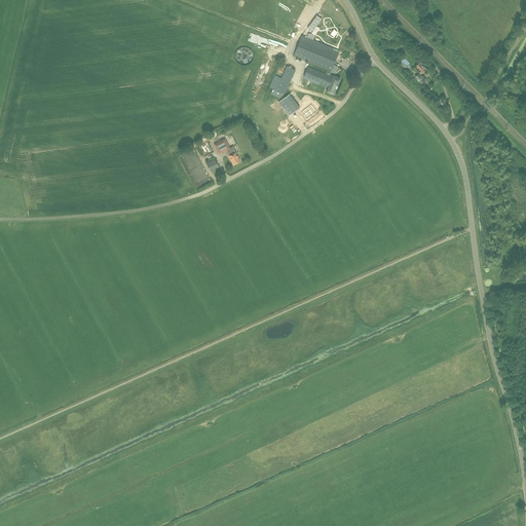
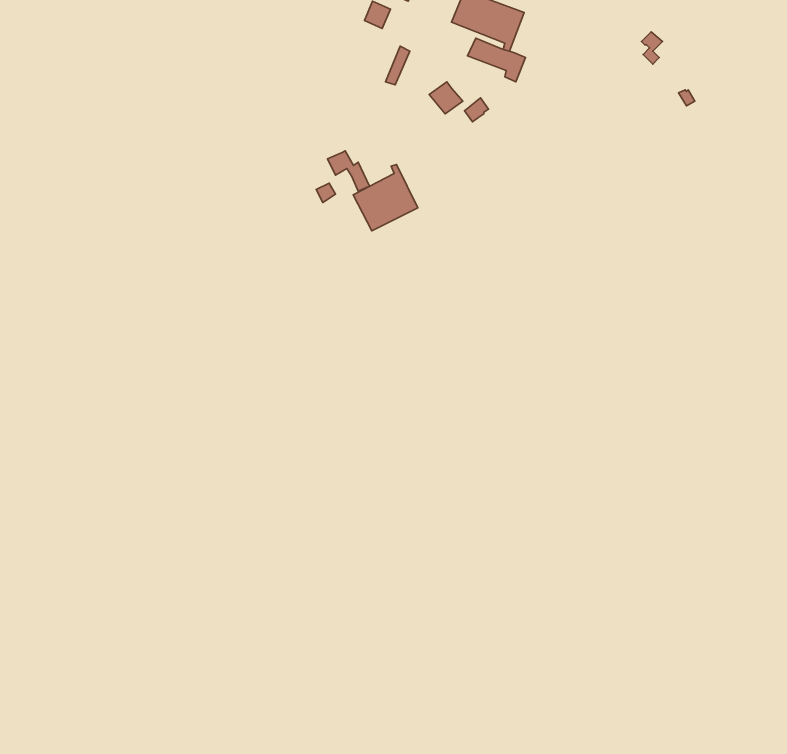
building: [269,66,296,99] -> none
building: none -> [353,165,418,231]

